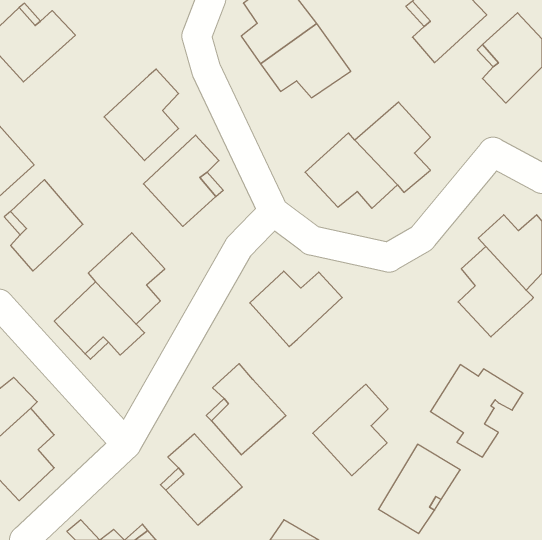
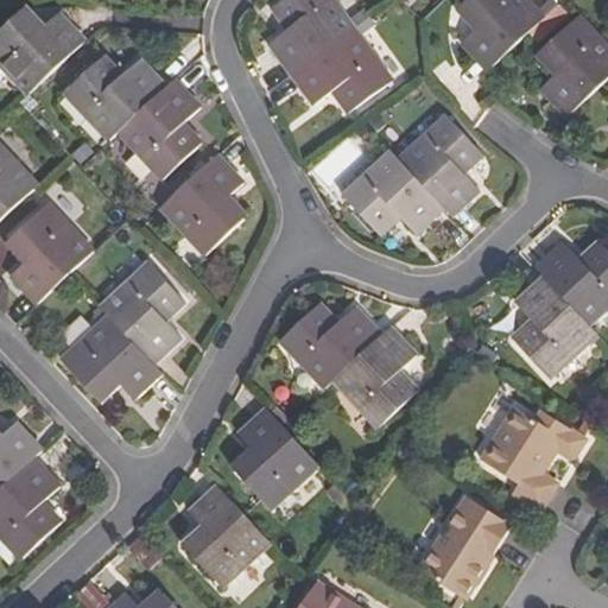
building: none -> [63,55,166,139]
building: [313,384,388,476] -> [332,324,417,426]

